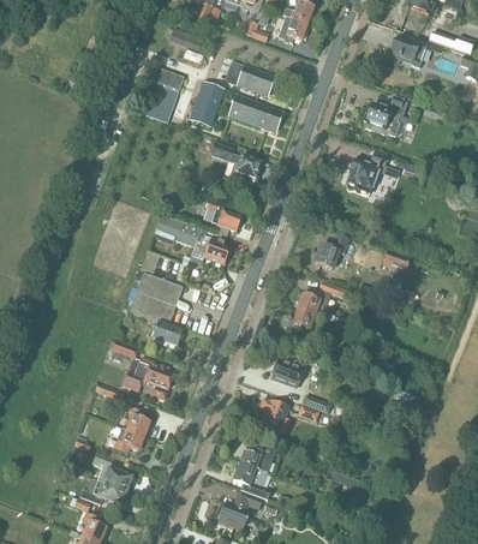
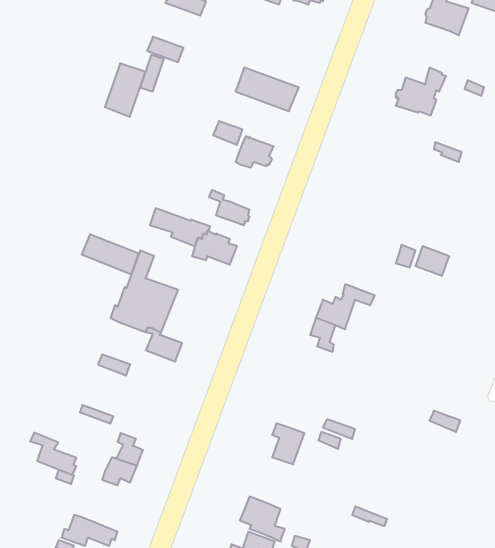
building: [220,59,274,97] -> none
building: [189,83,223,128] -> [105,63,145,117]
building: [347,154,388,192] -> none
building: [315,234,348,269] -> none
building: none -> [82,234,139,275]
building: [121,358,173,400] -> none
building: [271,358,304,388] -> none
building: [240,446,276,473] -> none
building: [91,456,131,492] -> [30,433,76,475]

